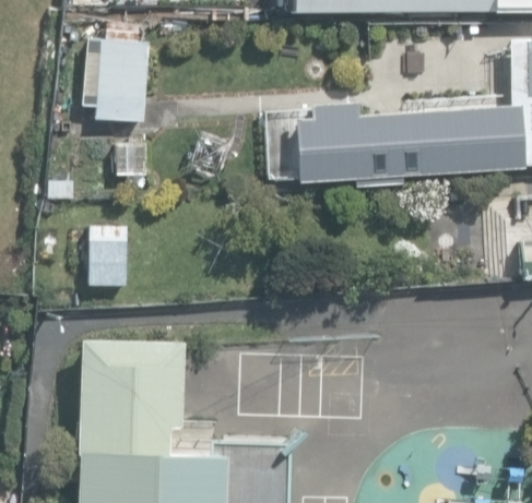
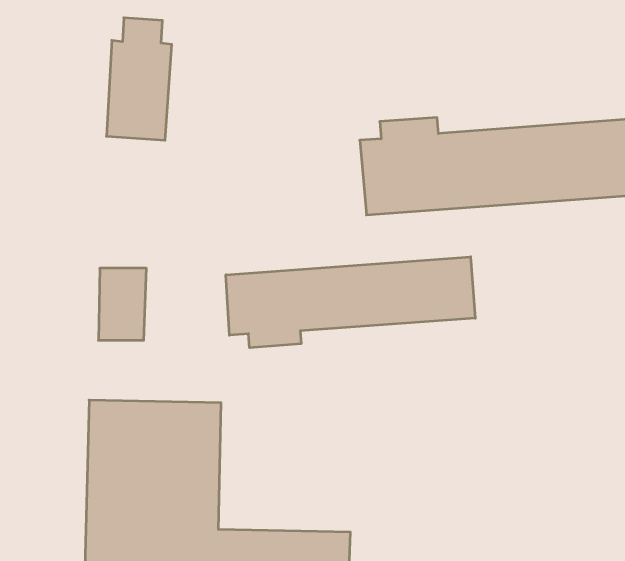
building: none -> [226,257,475,348]

